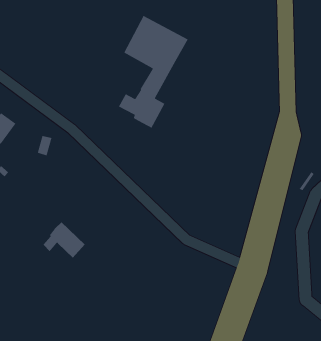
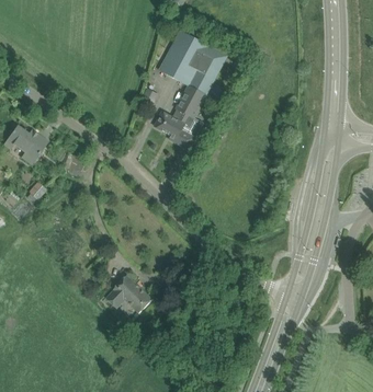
building: [42,221,86,258] -> [106,275,151,313]

